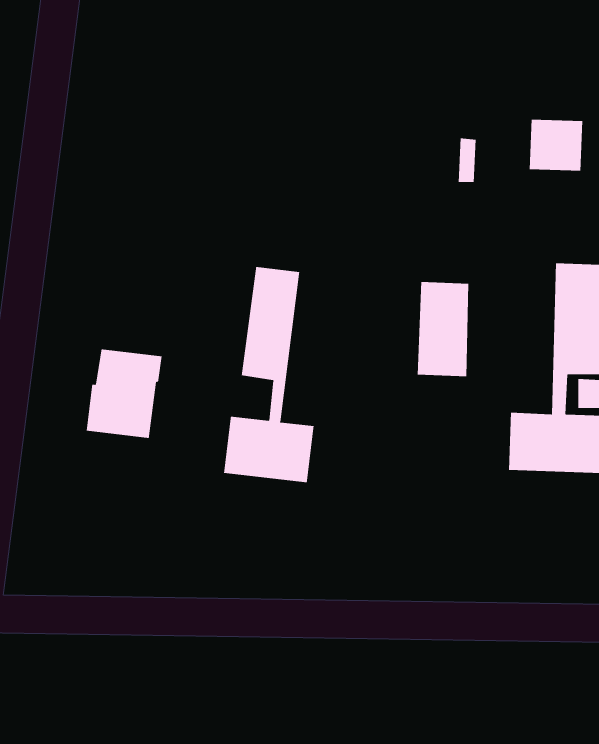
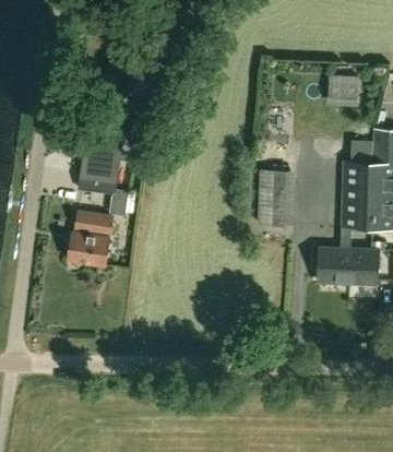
building: none -> [78,155,119,192]
building: [224,266,314,483] -> none

